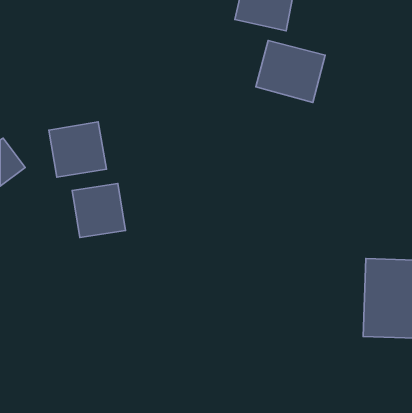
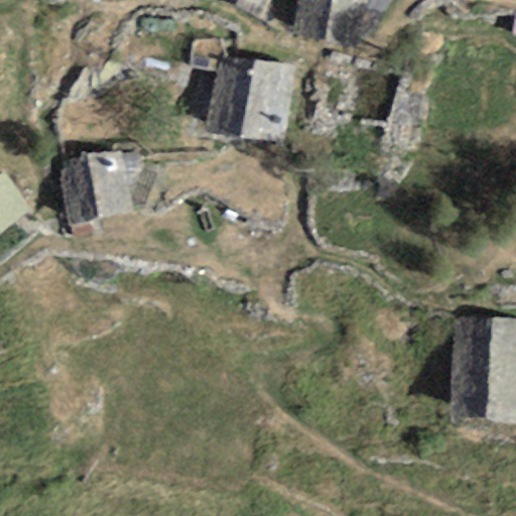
building: none -> [211,55,293,138]
building: [72,183,126,238] -> none

